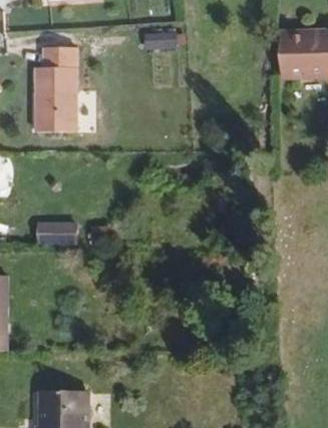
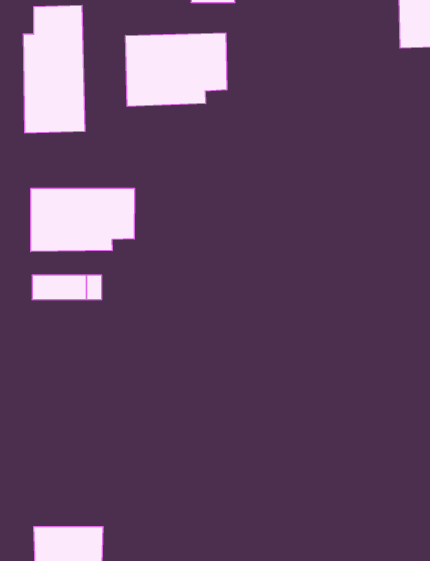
building: none -> [126,33,227,106]
building: none -> [31,188,135,252]

